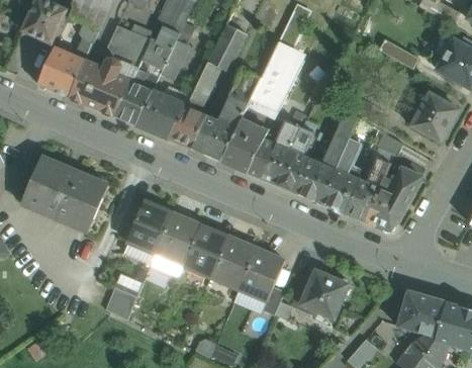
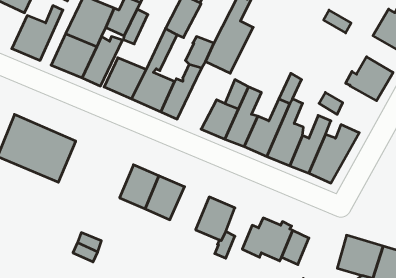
building: [220,116,269,172] -> none
building: [128,199,172,248] -> none
building: [212,236,256,283] -> none

